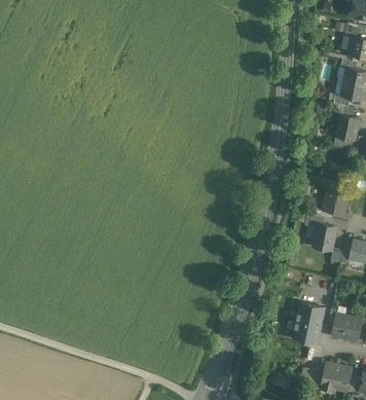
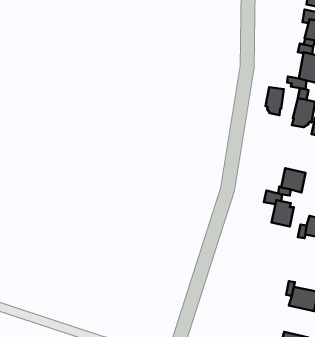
building: none -> [266,87,284,115]
building: [293,301,325,342] -> none

